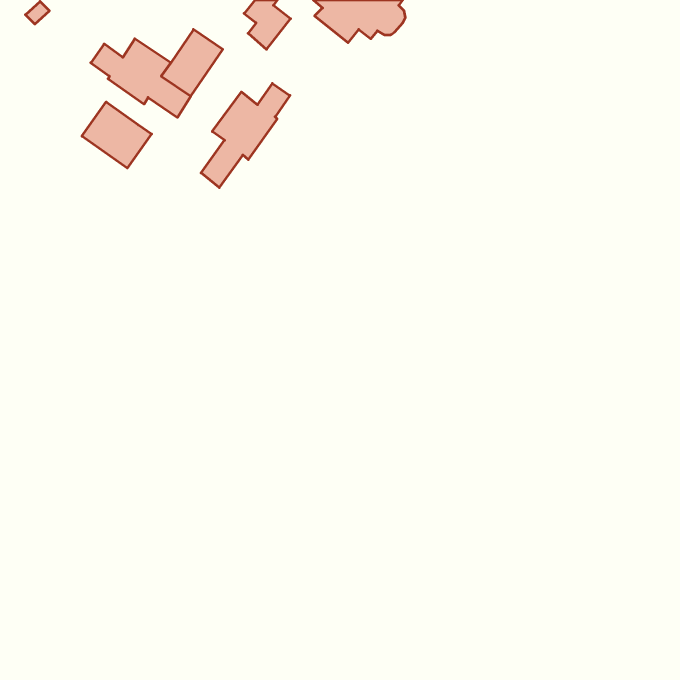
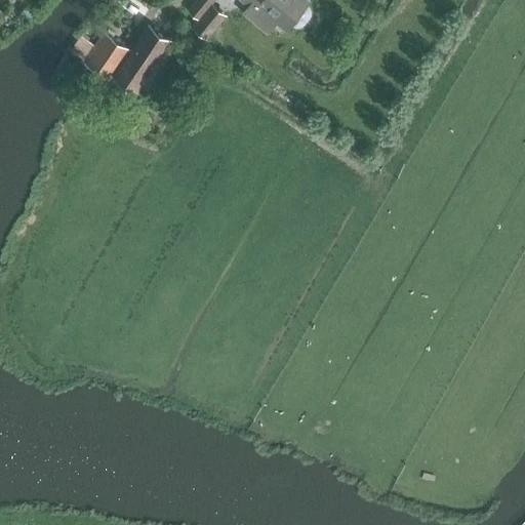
building: [201,83,290,188] -> none
building: [82,102,152,168] -> none

